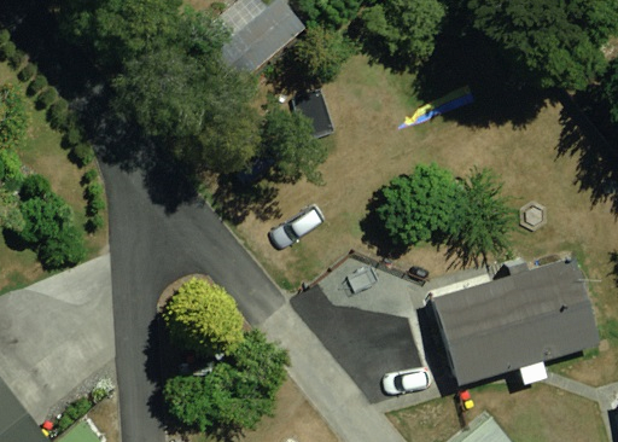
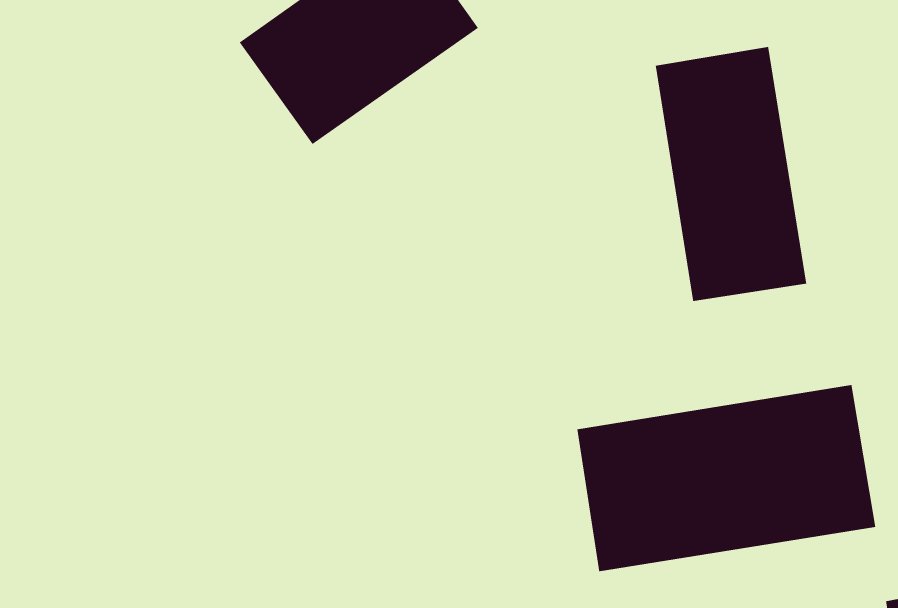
building: none -> [655,46,807,302]

